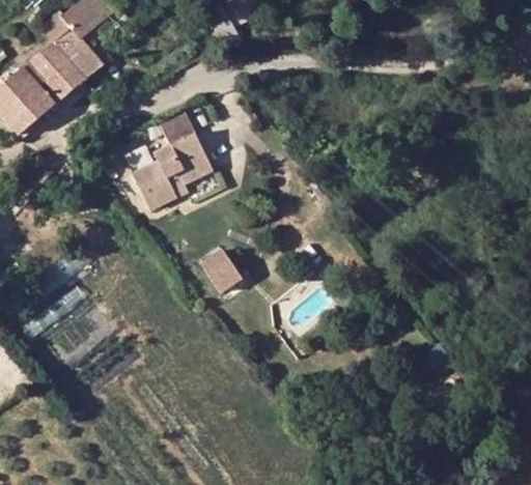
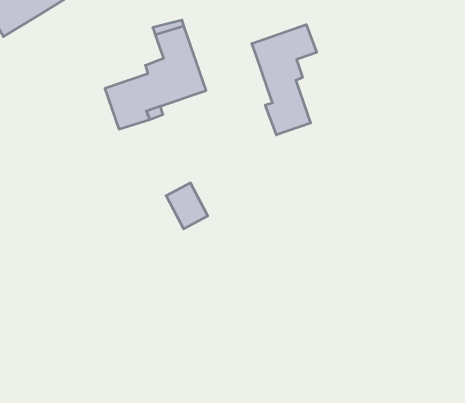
building: none -> [252,25,317,135]

